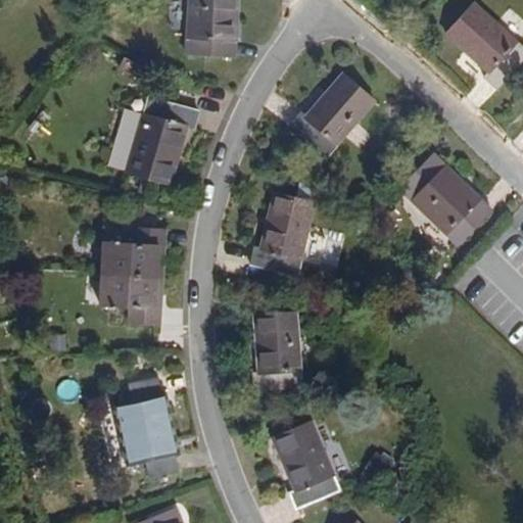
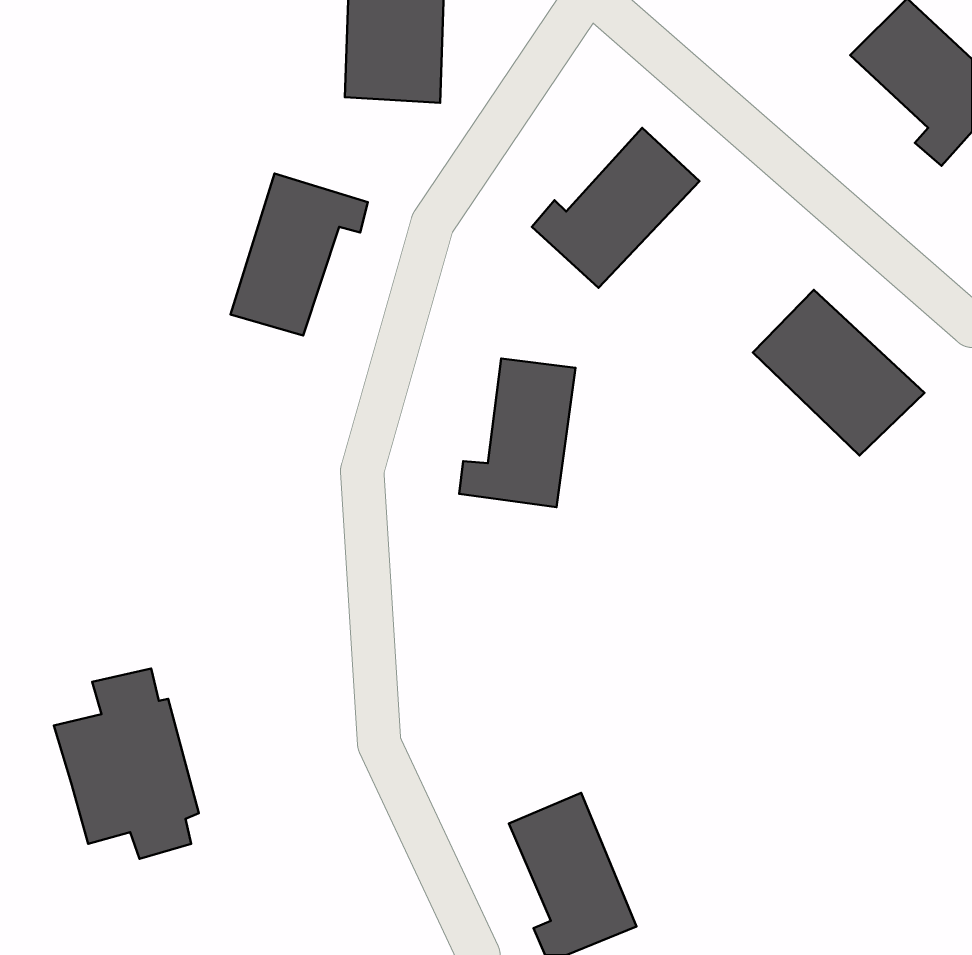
building: [96,232,168,333] -> none
building: [251,312,304,395] -> none
building: [109,381,187,483] -> [54,668,199,859]

